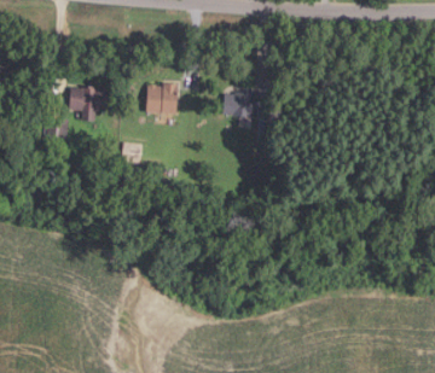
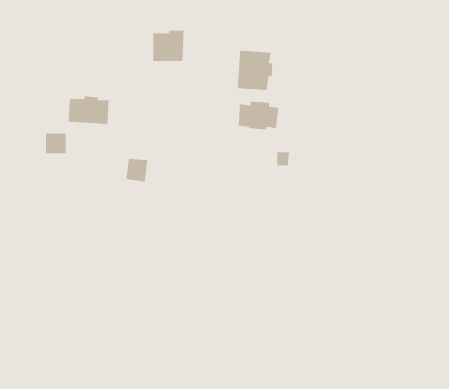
building: none -> [237,50,273,91]
building: [147,84,176,113] -> [152,30,185,62]

